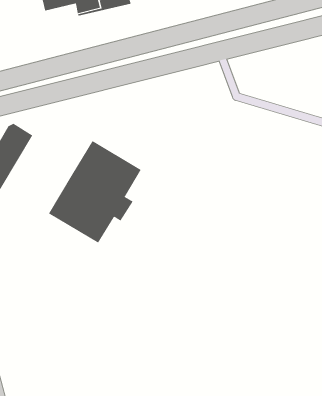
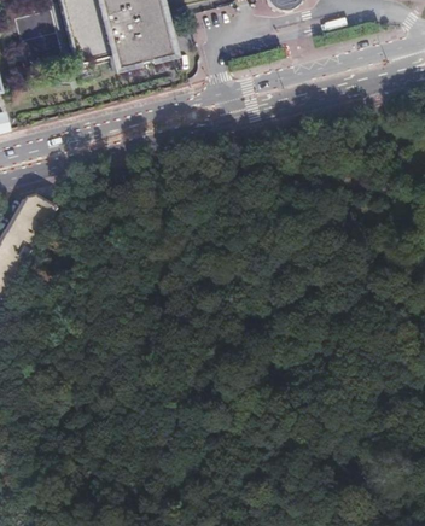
building: [48,140,142,244] -> none

